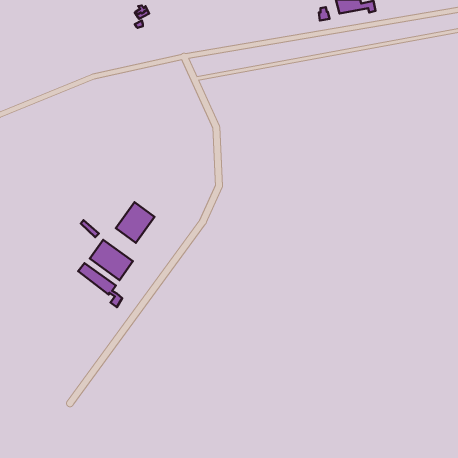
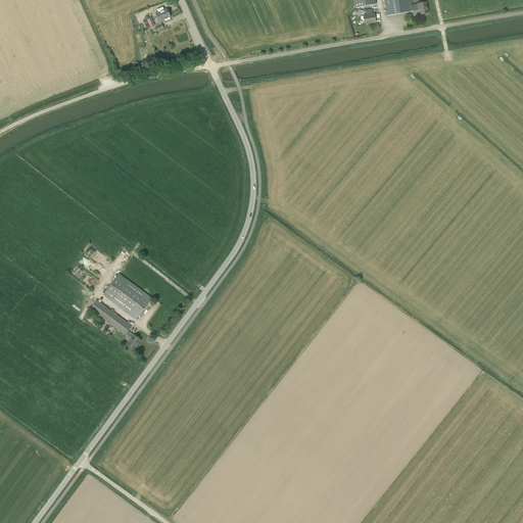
building: [116,202,154,243] -> none

